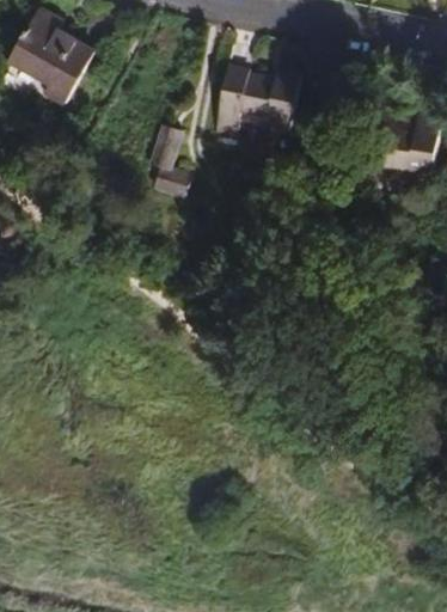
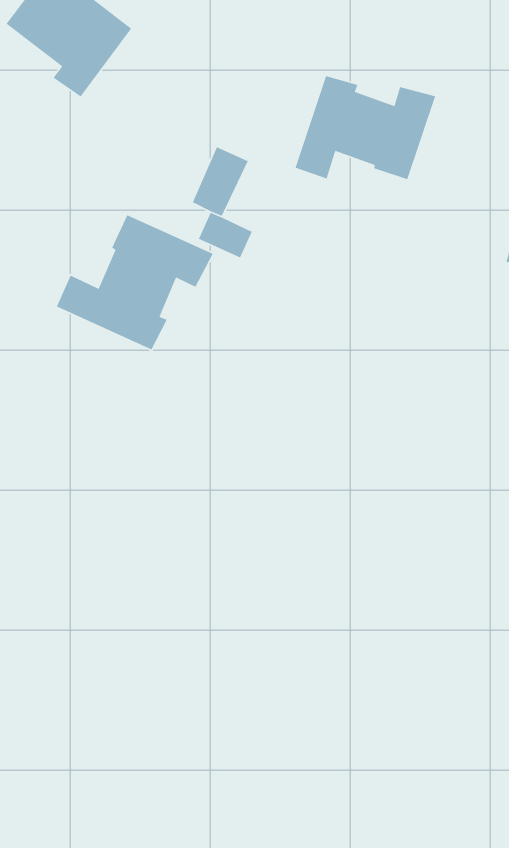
building: none -> [56,214,214,351]

